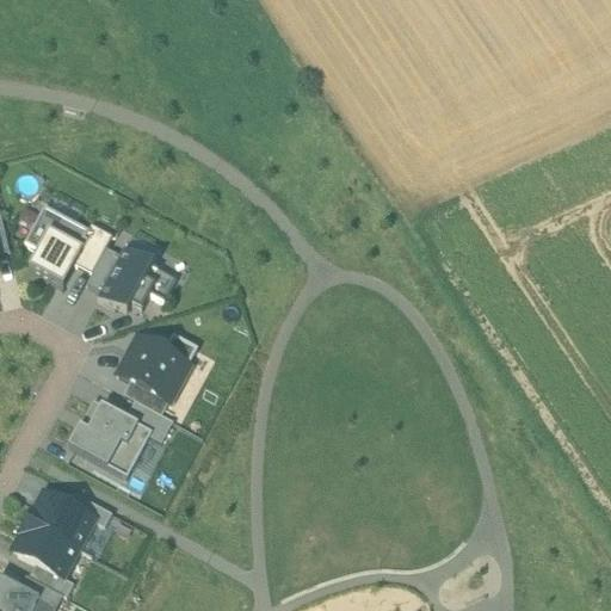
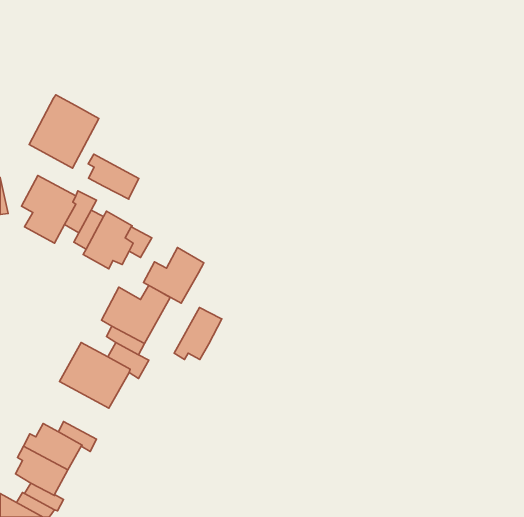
building: none -> [29,95,99,168]
building: none -> [88,154,139,199]
building: none -> [144,248,204,303]
building: none -> [174,308,222,360]

